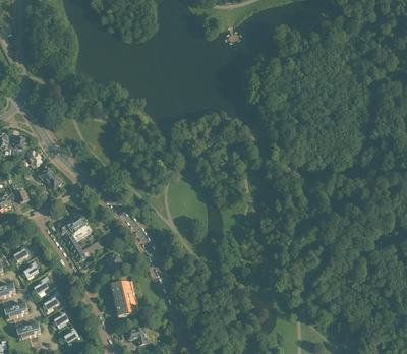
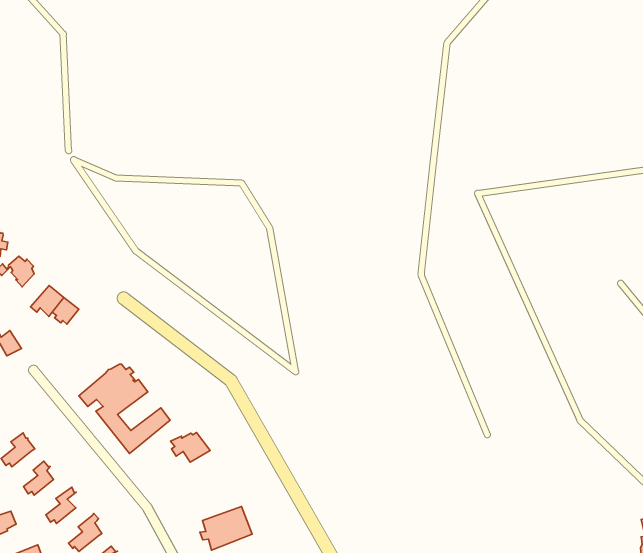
building: [107,279,134,300] -> none

